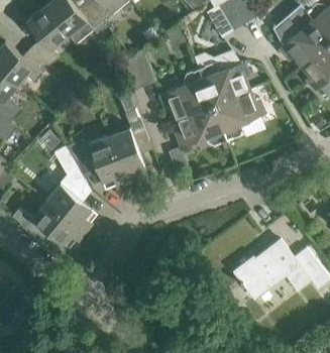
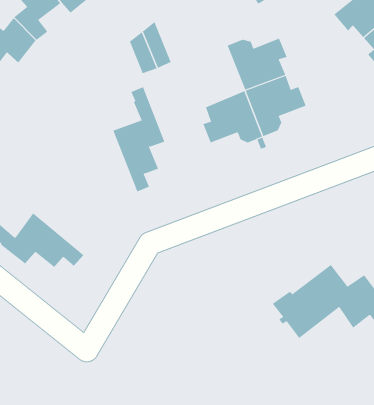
building: [166,68,213,116] -> none
building: [67,134,128,188] -> none
building: [46,161,94,232] -> none

